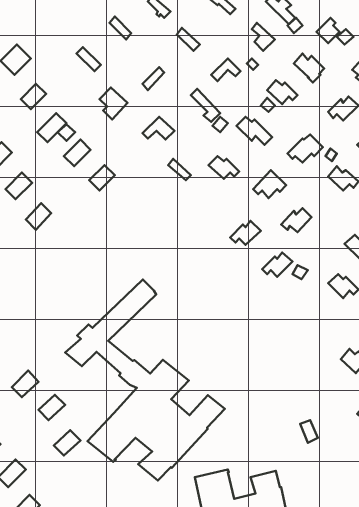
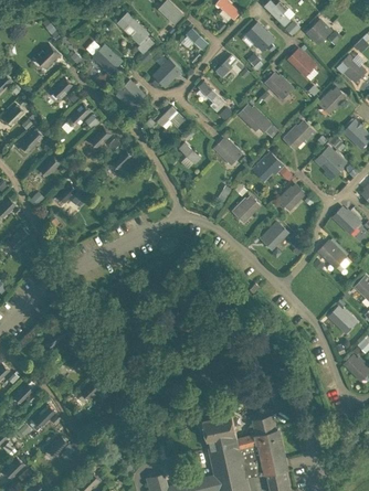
building: [65,280,225,481] -> none

